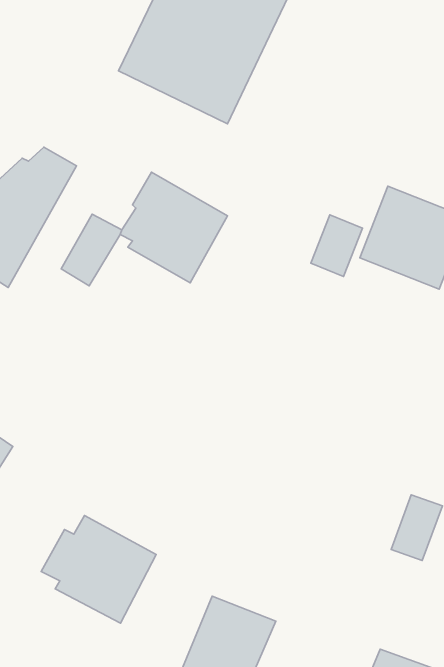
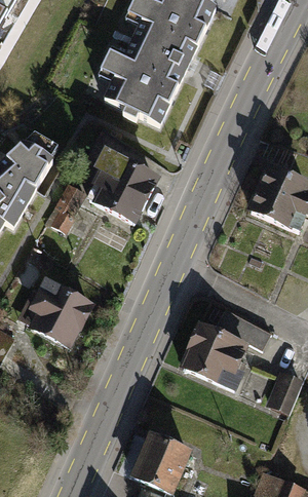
building: [311,215,362,276] -> none
building: none -> [181,309,276,389]
building: [41,515,156,623] -> [21,278,97,349]

